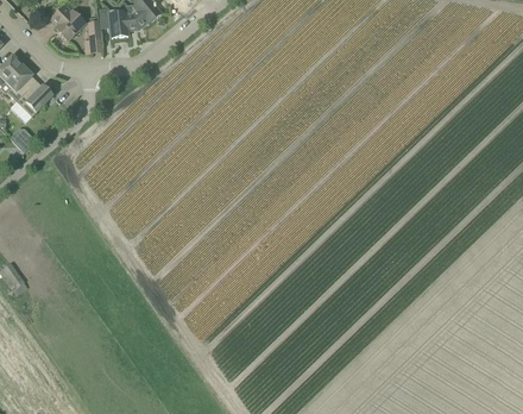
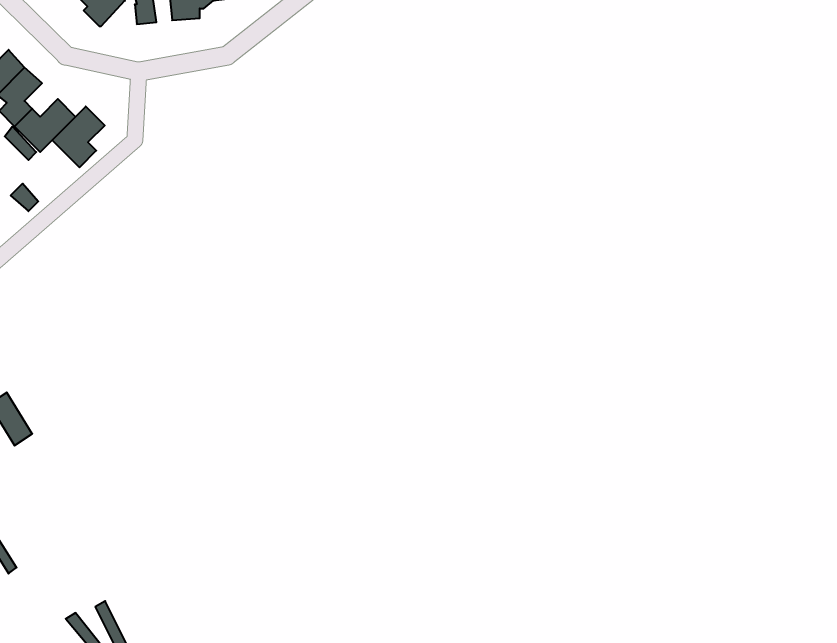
building: none -> [52,106,105,167]

